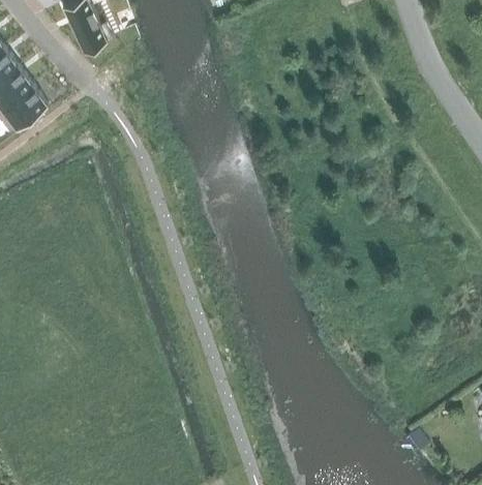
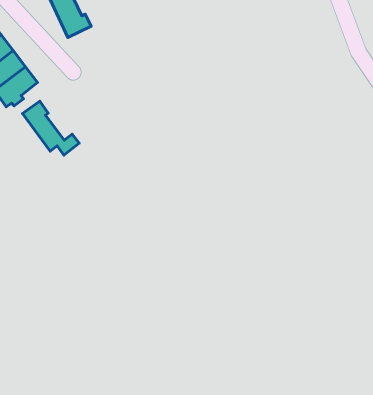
building: none -> [22,101,79,155]

